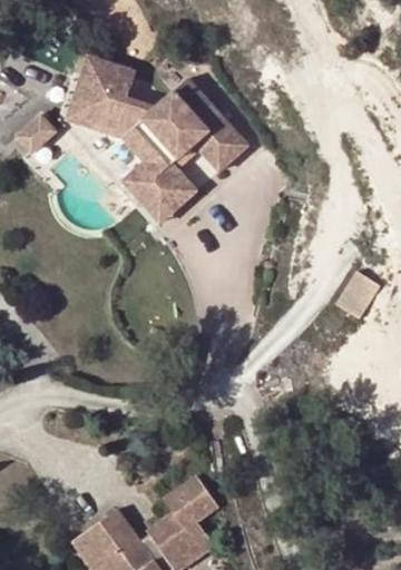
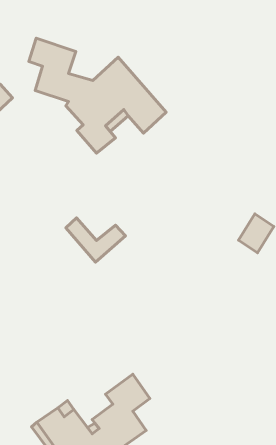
building: [63,85,125,139] -> none
building: [121,169,195,224] -> [66,218,125,262]

